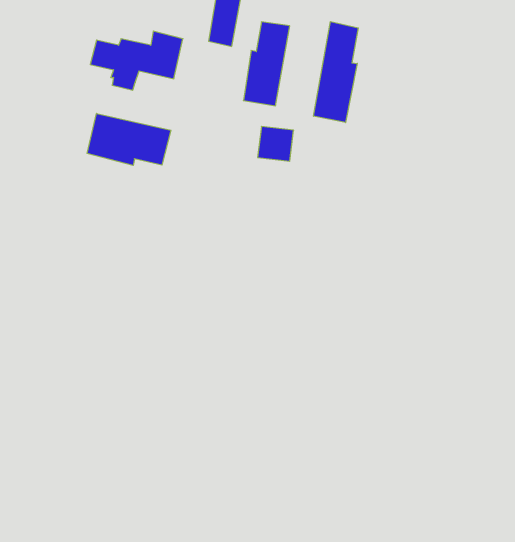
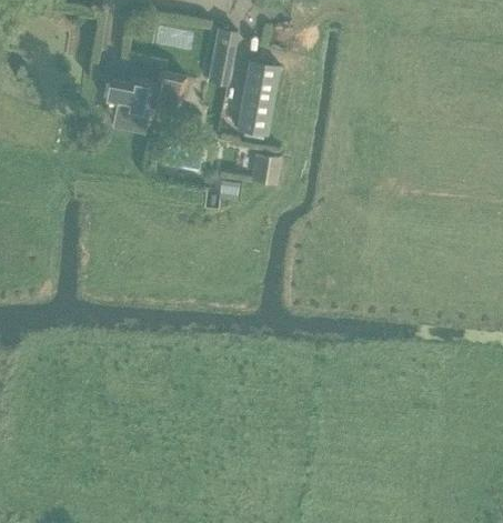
building: [314,22,358,123] -> none
building: [87,113,171,165] -> none

